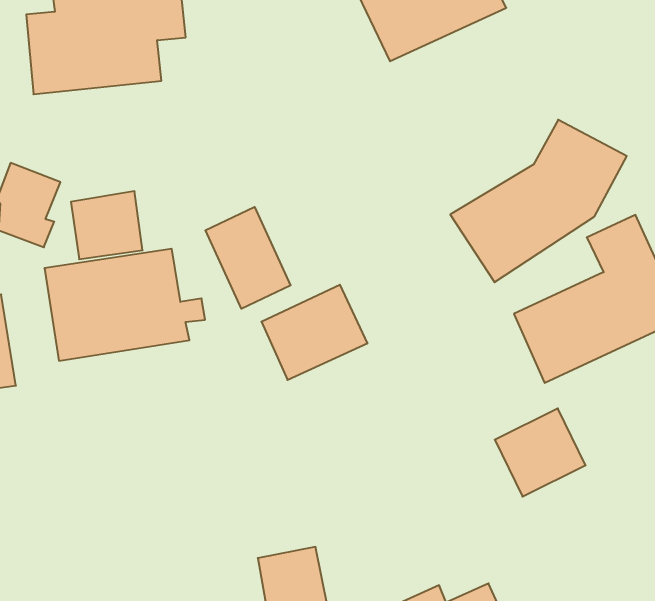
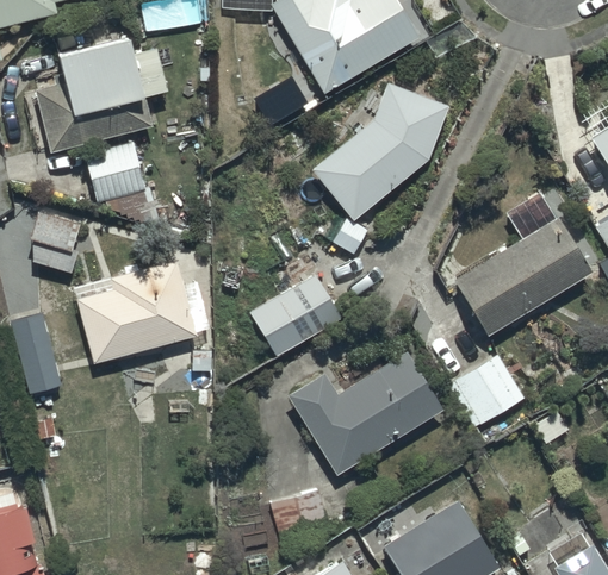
building: [450,120,627,282] -> [311,85,447,220]
building: [71,191,143,259] -> [85,143,147,202]
building: [205,207,291,309] -> none
building: none -> [289,350,442,475]

